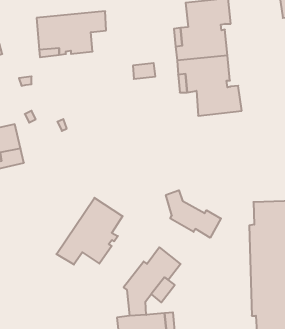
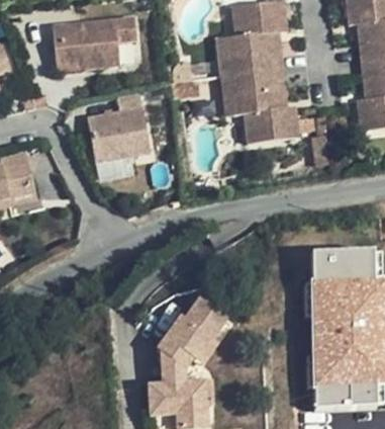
building: none -> [87,93,150,162]
building: [166,190,221,238] -> none
building: [56,198,123,265] -> none

